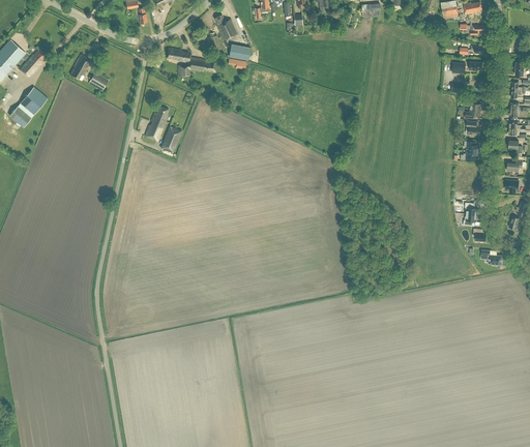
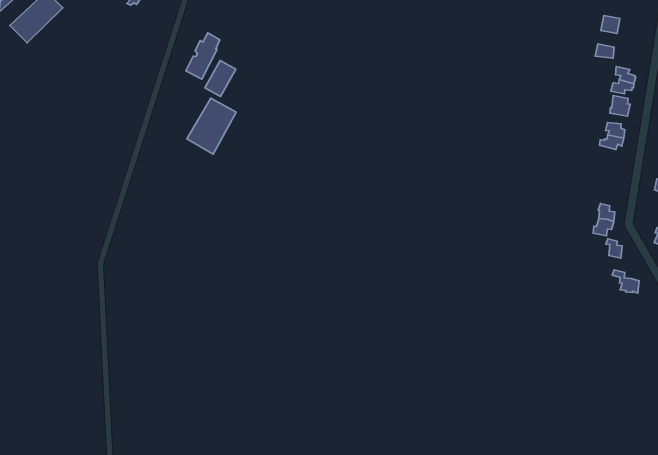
building: none -> [187,98,236,154]

